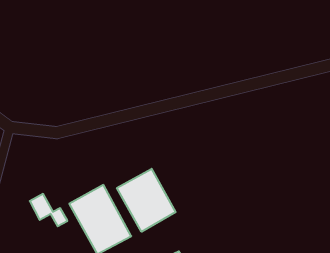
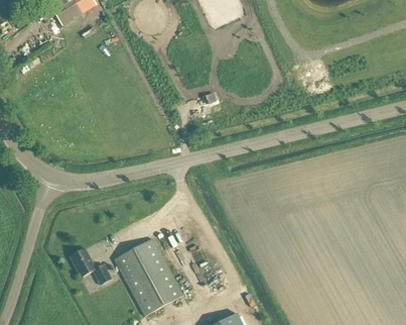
building: [117,169,176,232] -> none

